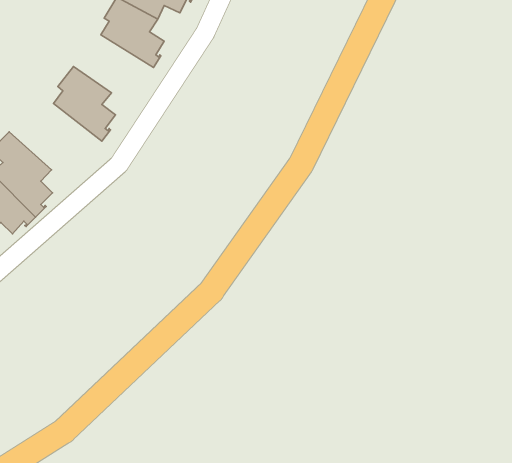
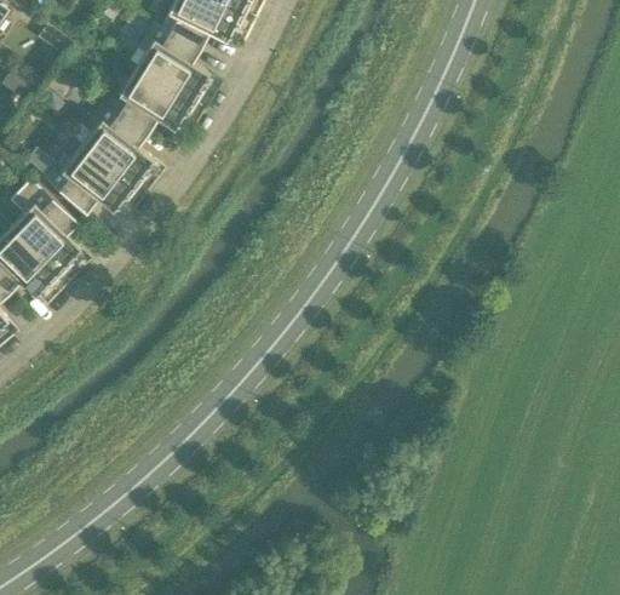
building: none -> [105,67,197,133]
building: none -> [46,145,138,213]

